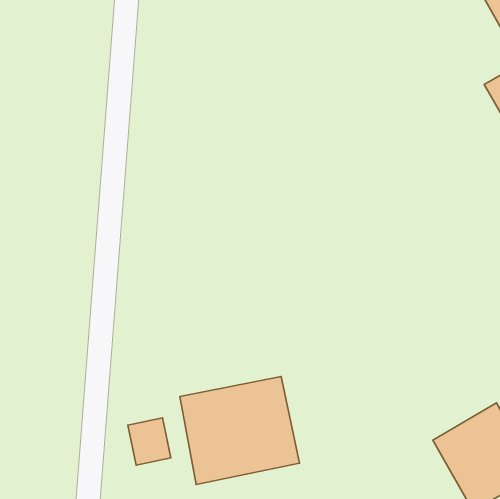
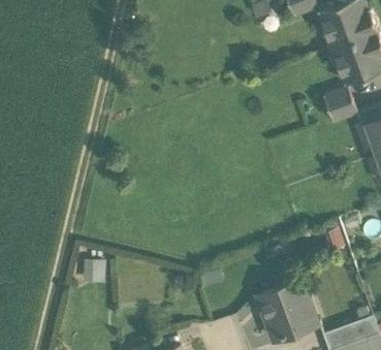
building: [180,376,299,484] -> none

